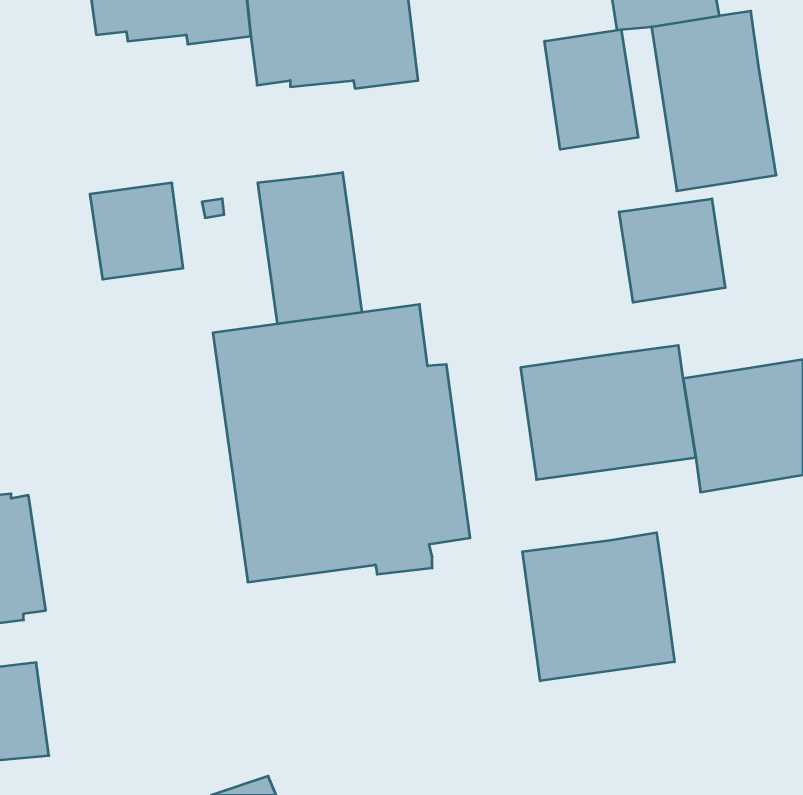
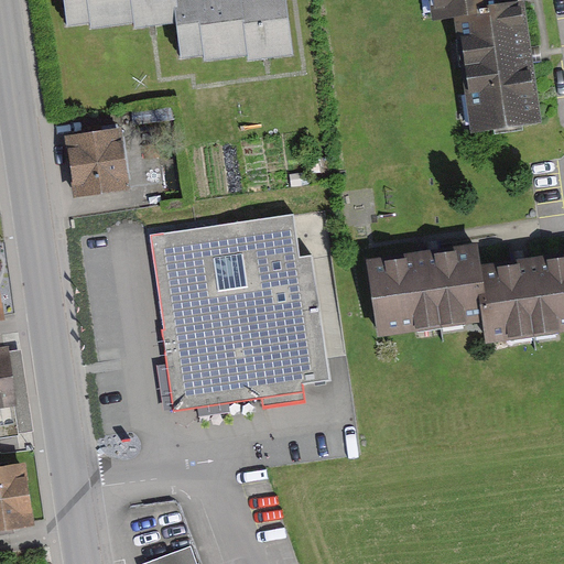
building: [545,30,638,149] -> none
building: [258,172,362,324] -> none
building: [619,199,725,302] -> none
building: [522,533,674,681] -> none

